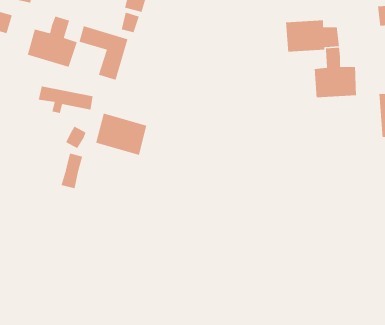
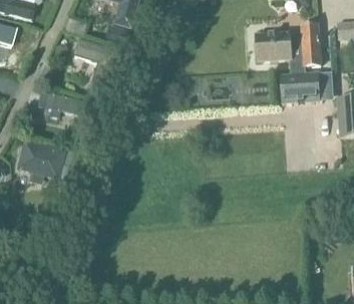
building: none -> [303,24,322,66]
building: [27,15,78,68] -> none
building: [95,113,147,156] -> [18,139,64,178]

